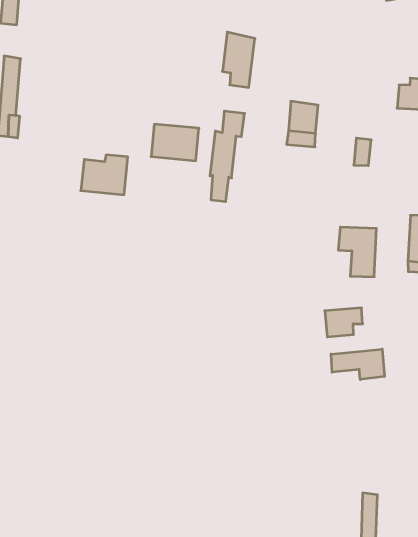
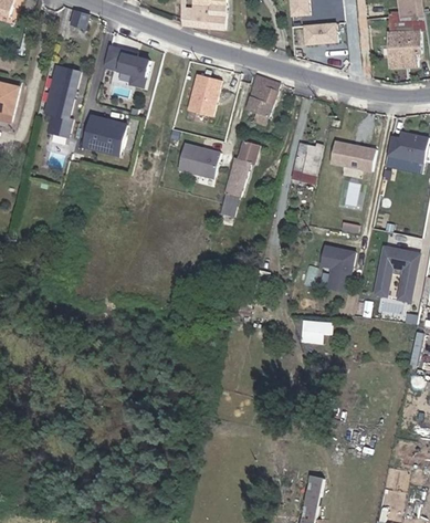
building: none -> [102,46,147,86]
building: none -> [187,72,220,114]
building: none -> [331,144,376,174]
building: [81,155,128,195] -> [83,118,126,154]
building: [331,349,385,380] -> none

